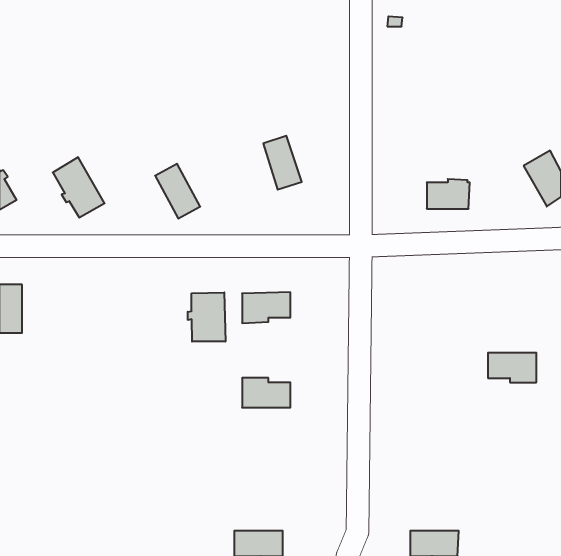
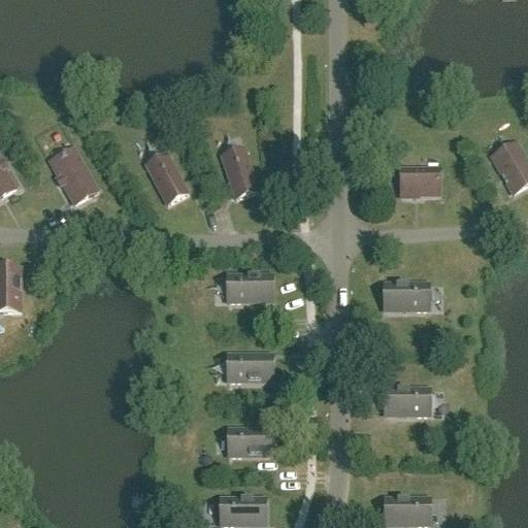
building: [263,136,302,190] -> [222,148,258,199]
building: [188,292,225,342] -> none
building: [488,353,536,382] -> [384,284,429,311]
building: none -> [385,389,429,417]
building: none -> [228,429,273,457]

